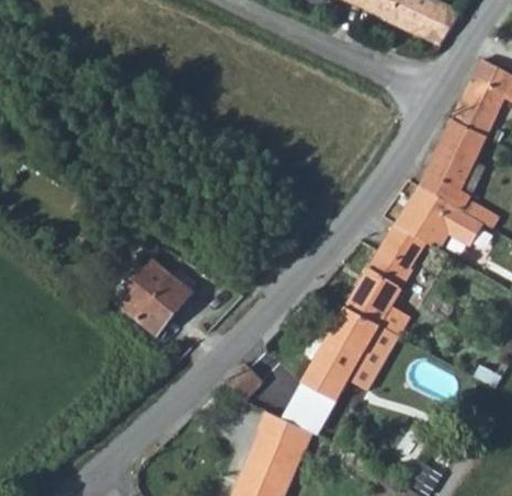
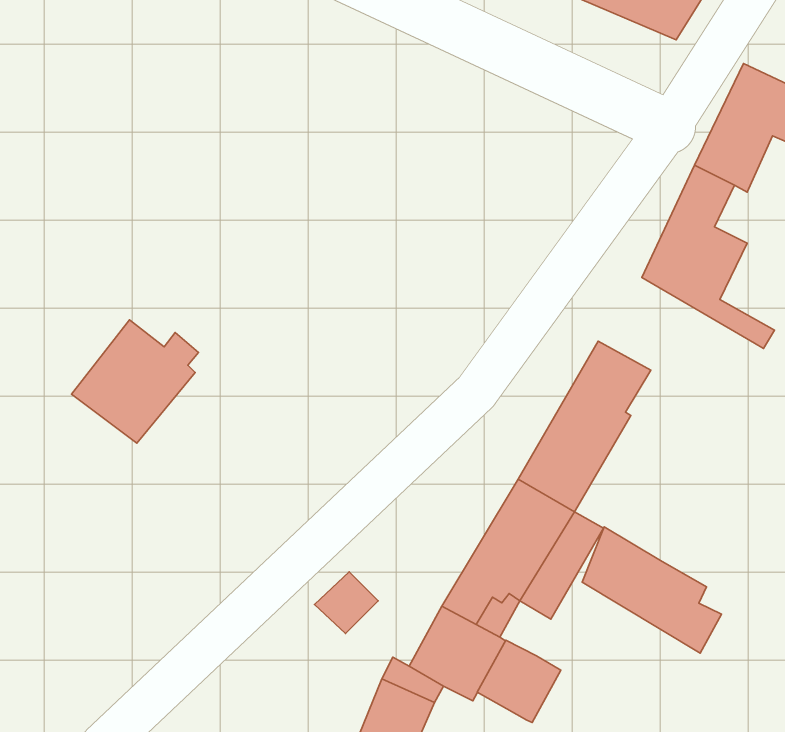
building: [394,186,488,251] -> none
building: [118,258,195,333] -> [71,320,199,443]
building: none -> [582,527,721,653]
building: none -> [477,640,561,722]

